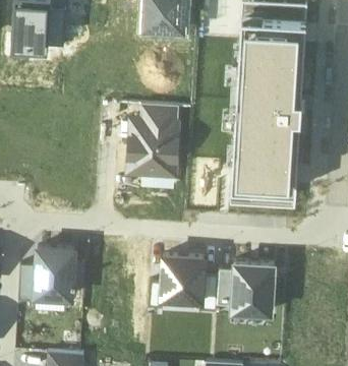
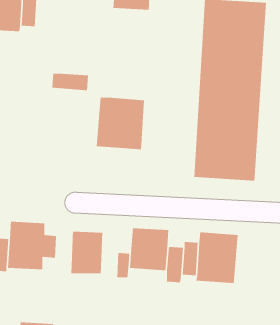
building: [141,105,180,123] -> [52,73,89,91]
building: none -> [71,231,103,274]

